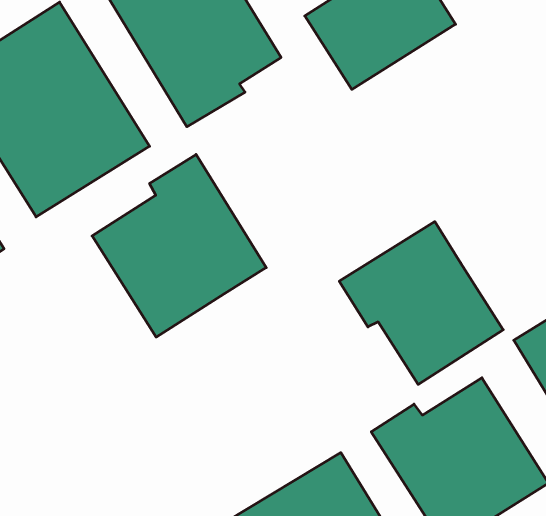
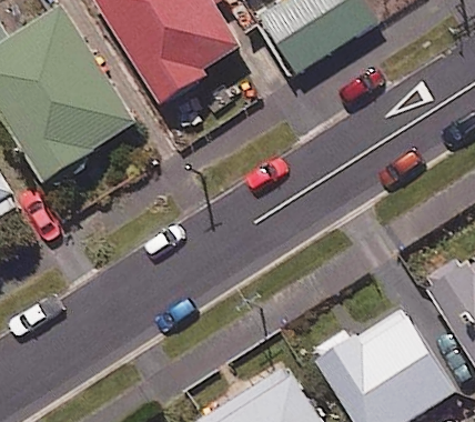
building: [92,154,266,337] -> none
building: [339,222,503,384] -> none

